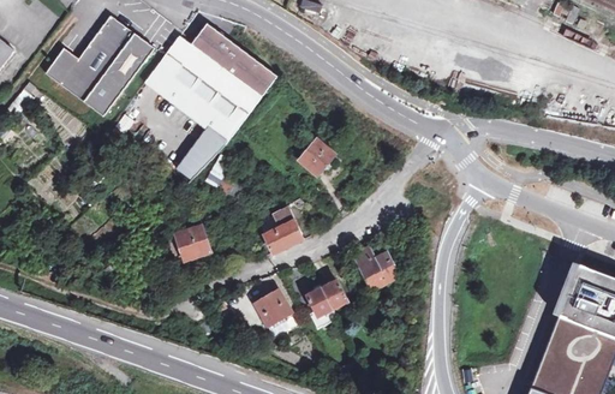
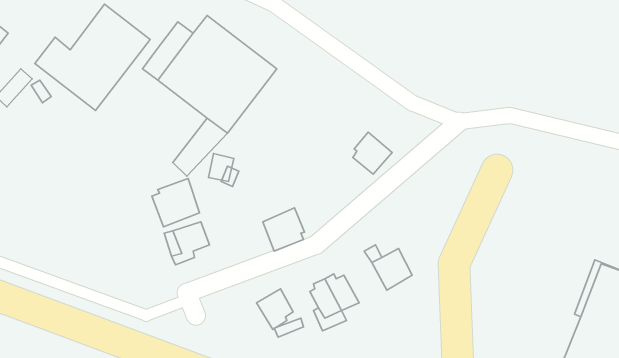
building: [299,137,336,177] -> [353,132,392,174]
building: none -> [152,178,199,227]

